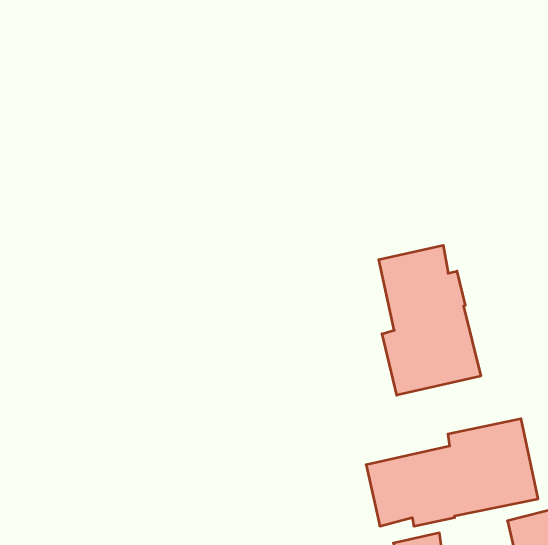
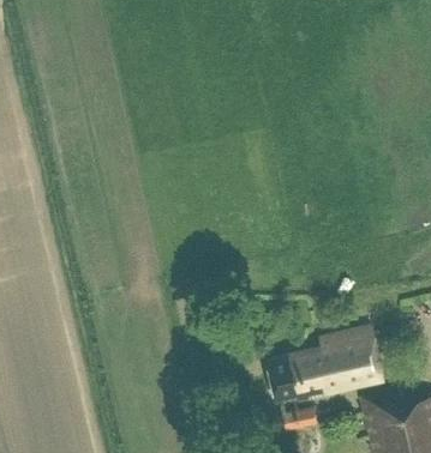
building: [379,245,481,395] -> none

